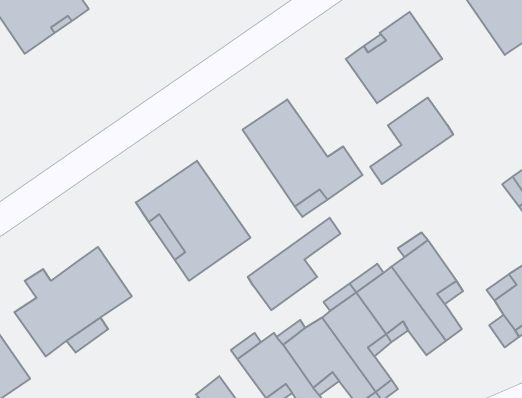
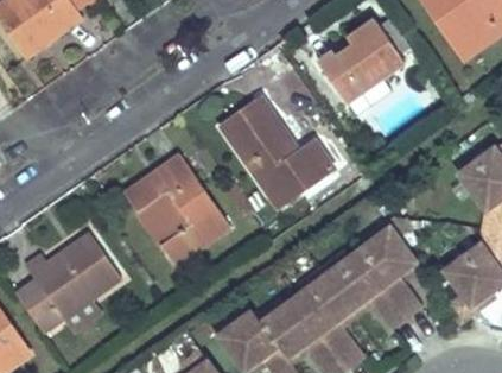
building: [370,98,453,184] -> none
building: [248,218,340,310] -> none

